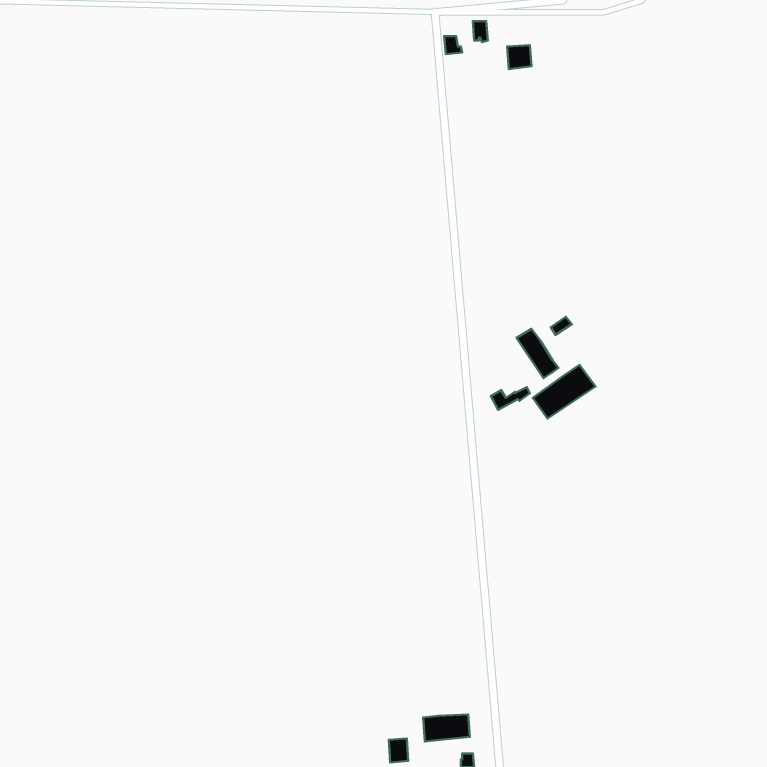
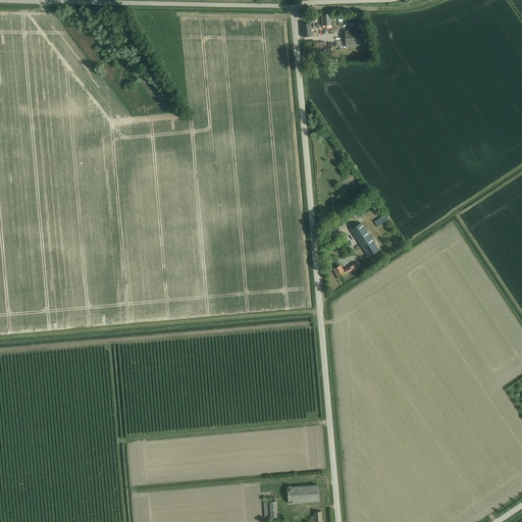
building: [533,365,595,418] -> none

